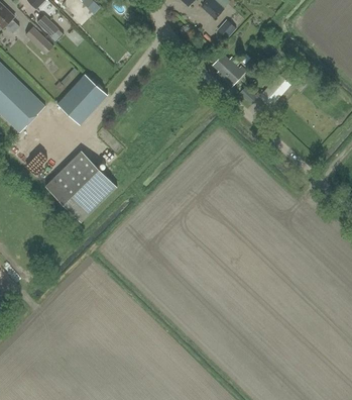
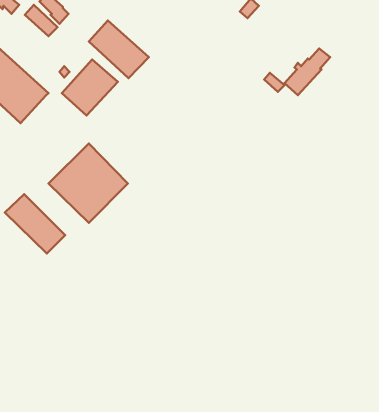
building: none -> [89,21,149,78]
building: [213,53,246,84] -> none
building: none -> [5,194,65,254]

